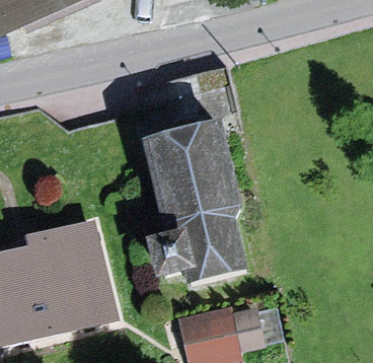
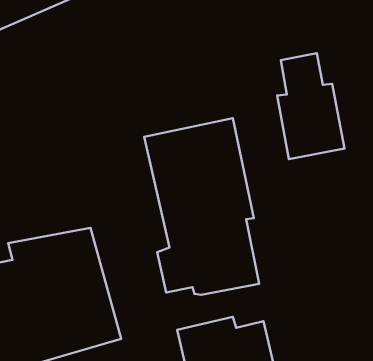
building: none -> [277,53,344,159]

